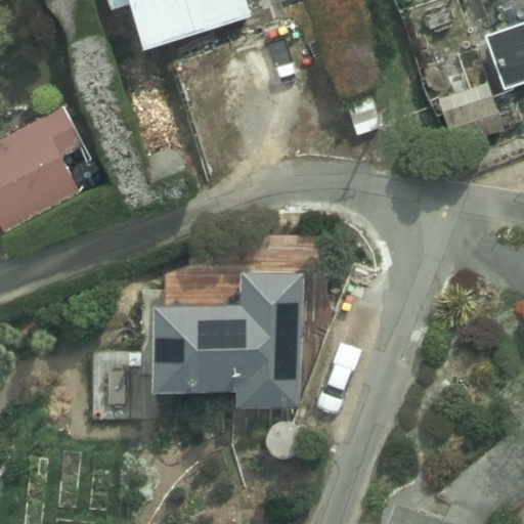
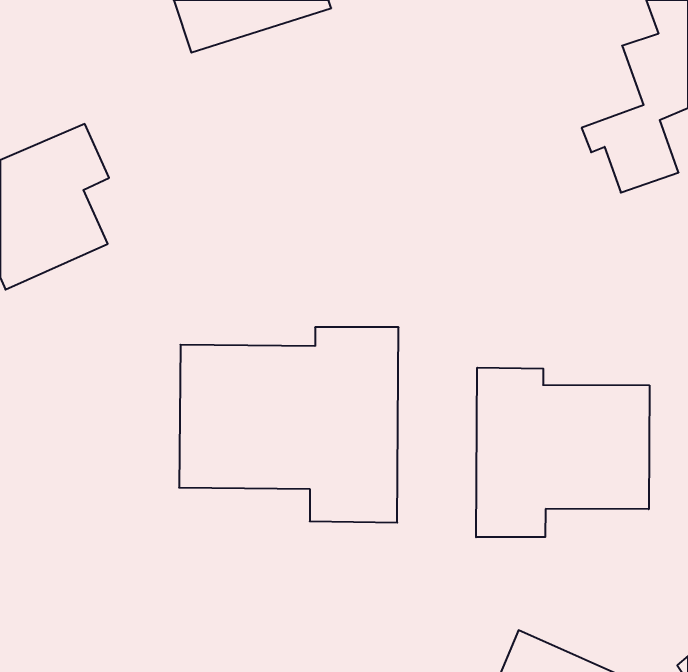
building: none -> [476,368,649,537]

